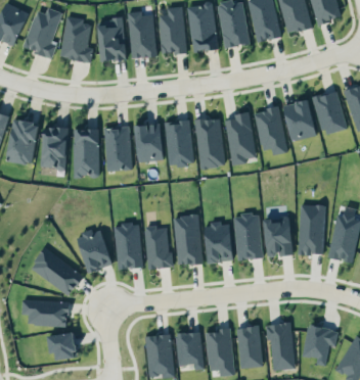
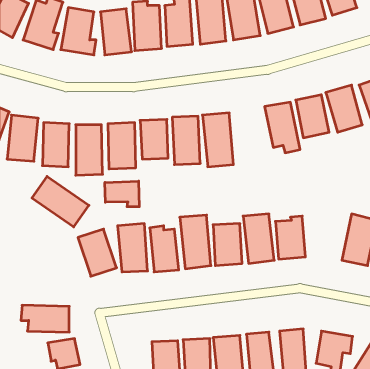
building: [224,111,256,165] -> none
building: none -> [105,181,139,207]
building: [299,204,325,255] -> none
building: [30,247,84,295] -> [32,176,89,227]

